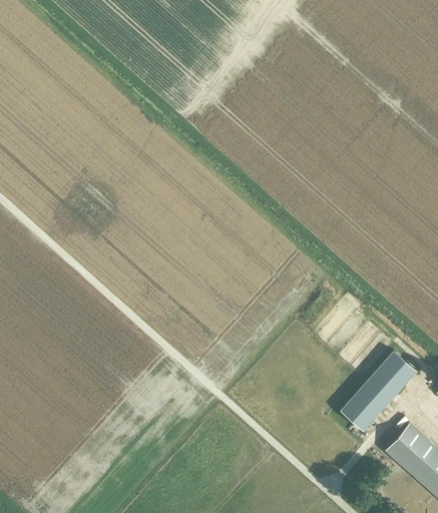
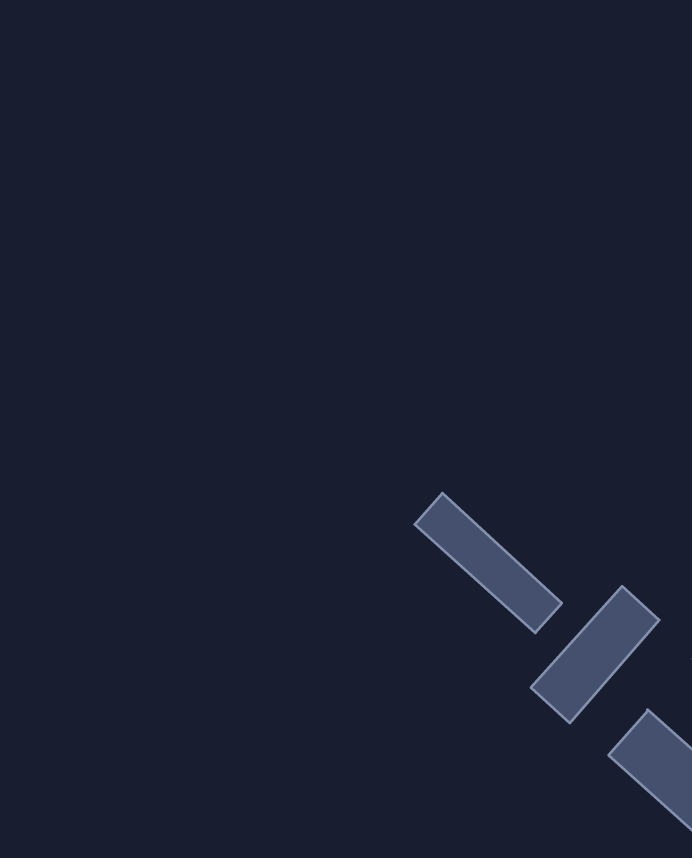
building: none -> [415,493,562,633]

